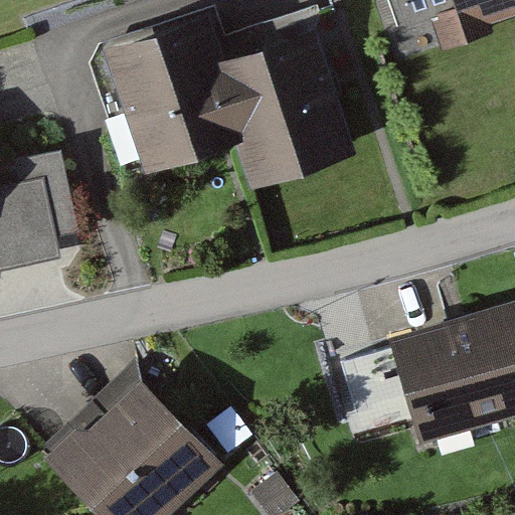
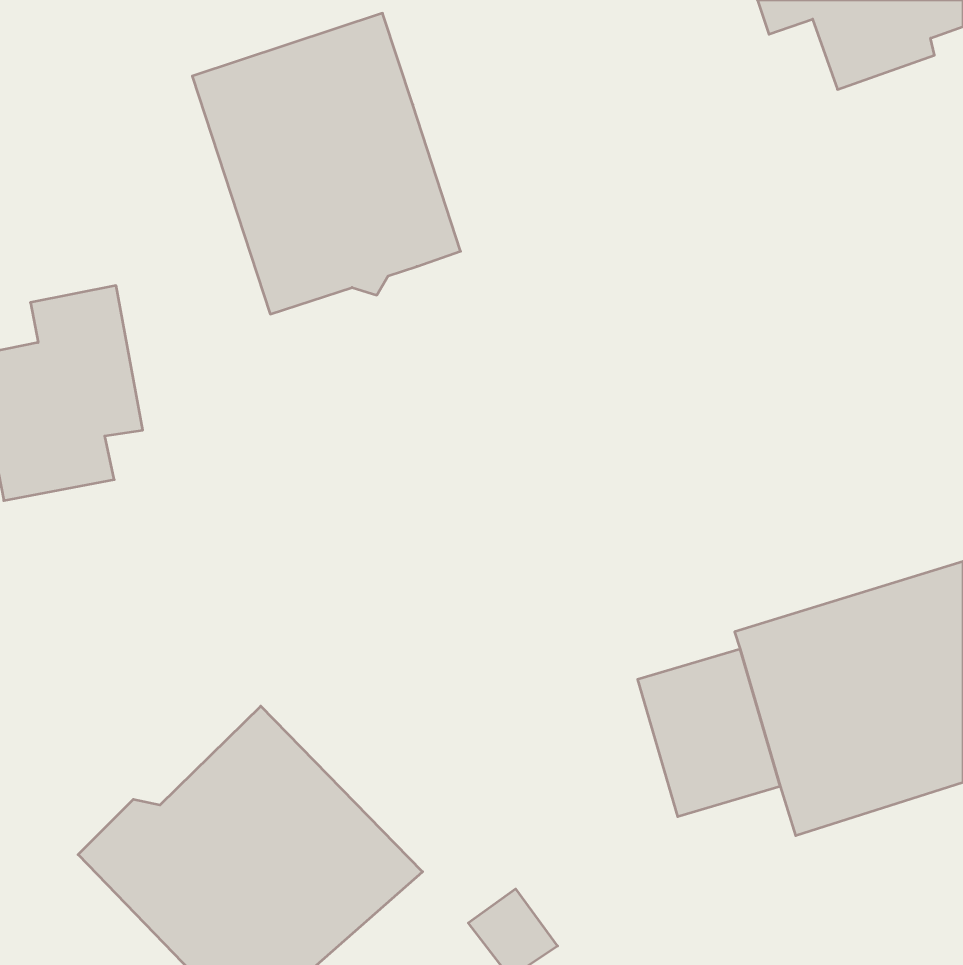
building: [218,28,352,178] -> none

